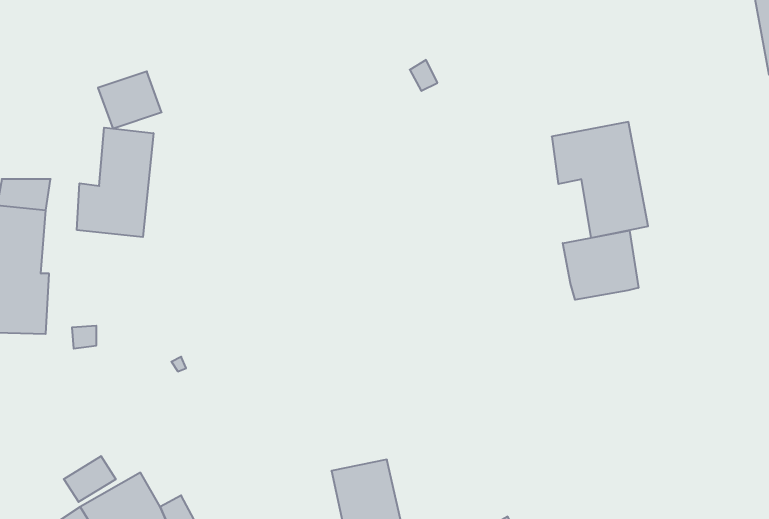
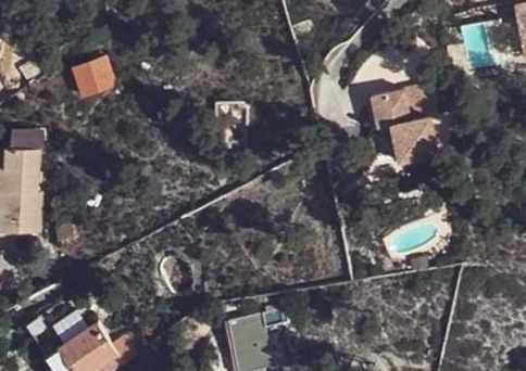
building: [77,128,153,237] -> none
building: [563,230,638,300] -> none

